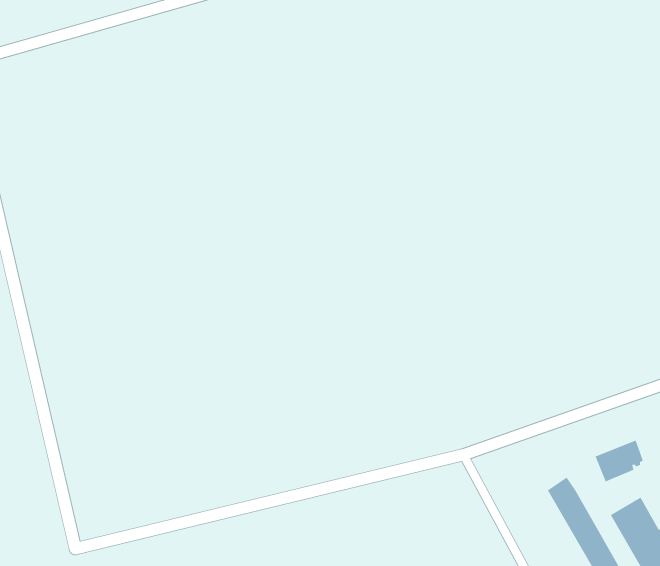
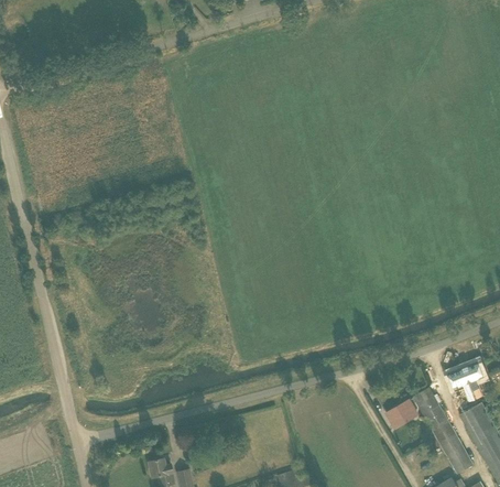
building: none -> [387,399,417,428]

